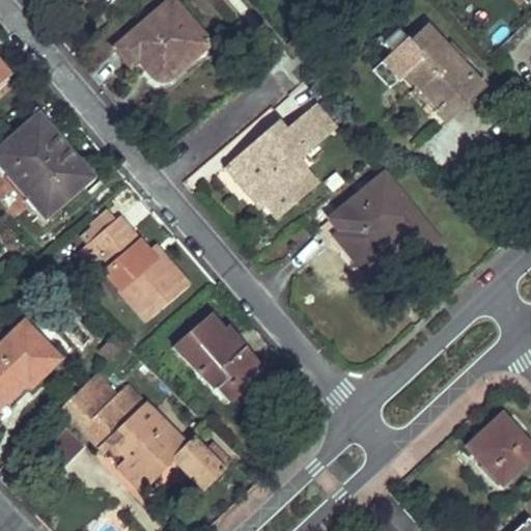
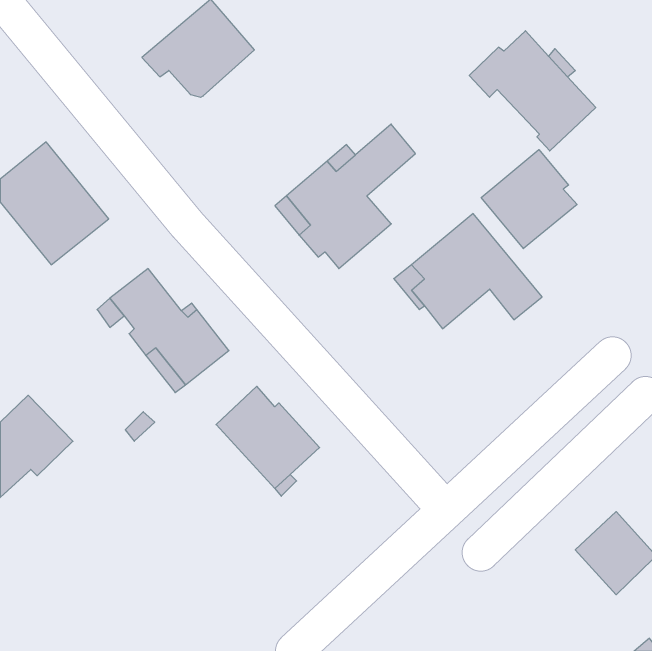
building: none -> [481,150,577,249]
building: [60,362,223,488] -> none

